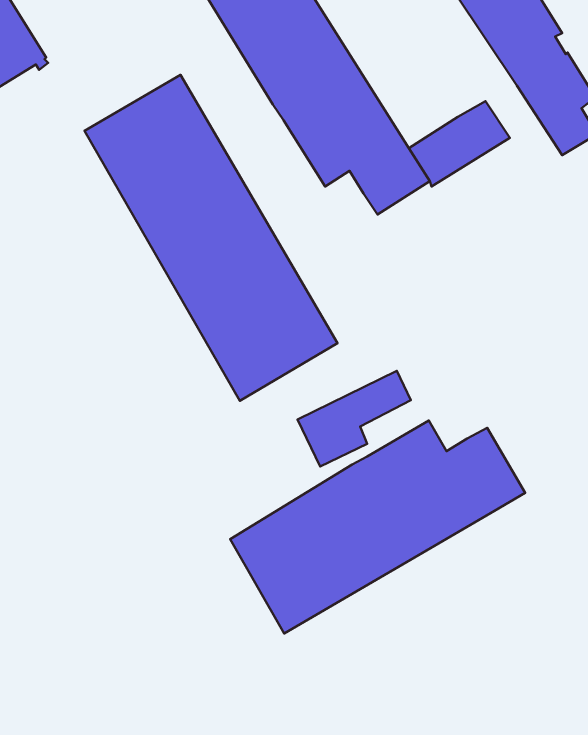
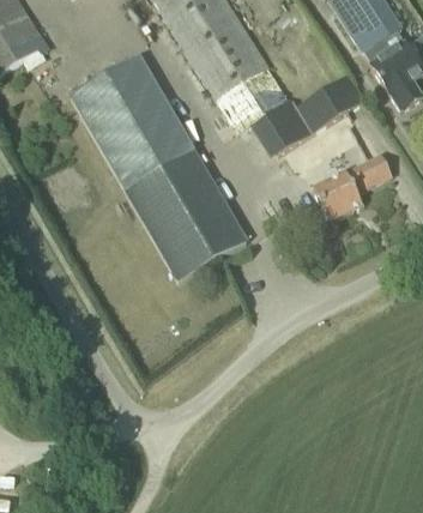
building: [297,371,411,467] -> [312,153,389,219]
building: [230,421,525,634] -> none

